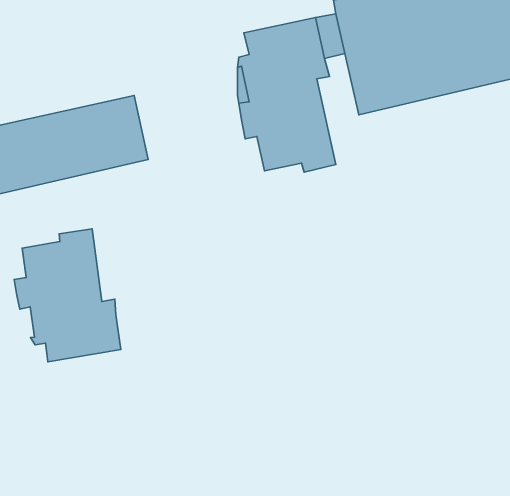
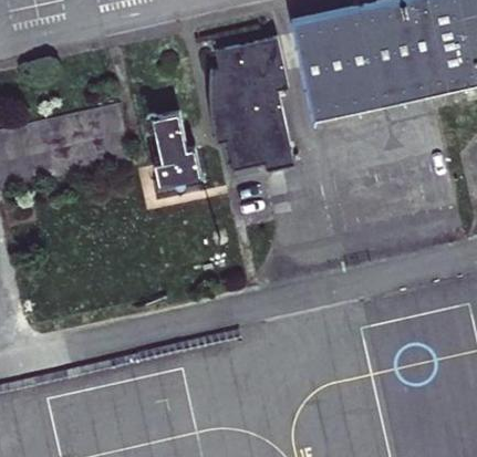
building: none -> [152,110,204,189]
building: [14,229,121,362] -> none

